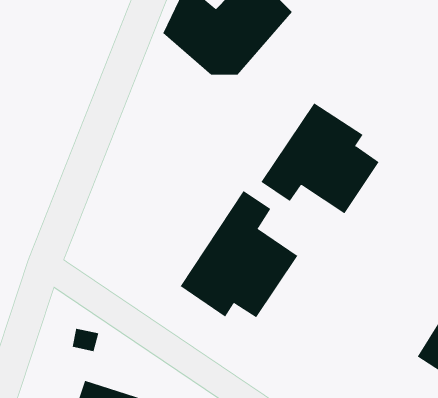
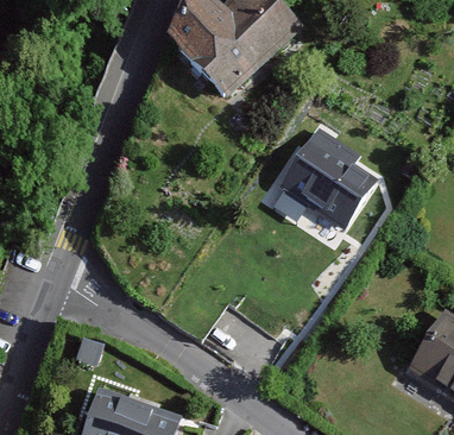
building: [180,190,298,318] -> none

